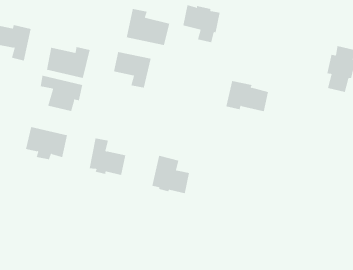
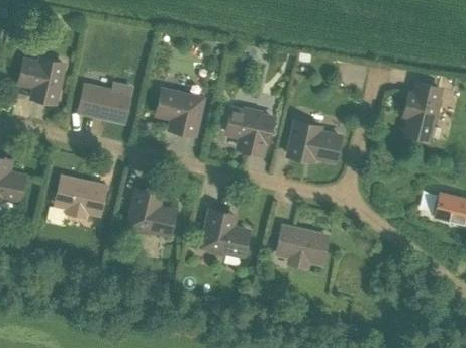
building: [182,5,221,43] -> [227,109,272,153]
building: [126,8,170,46] -> none
building: [40,75,83,112] -> none
building: none -> [277,228,327,263]

